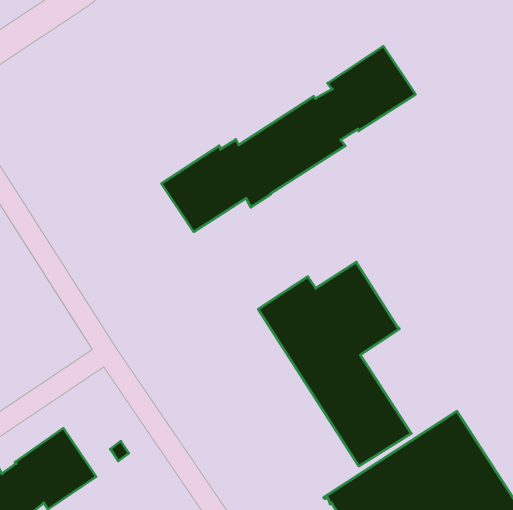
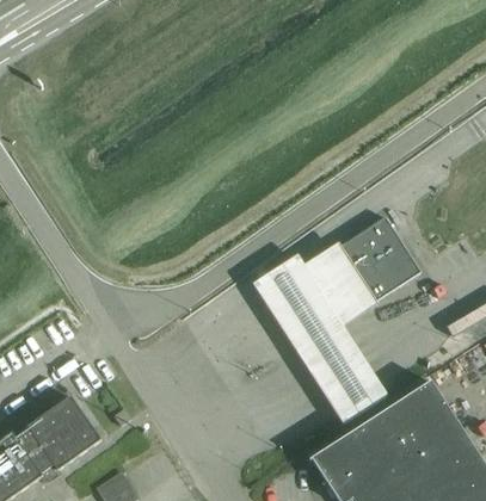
building: [162,46,415,232] -> none
building: none -> [339,214,424,302]

